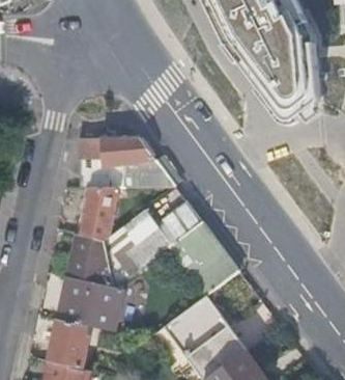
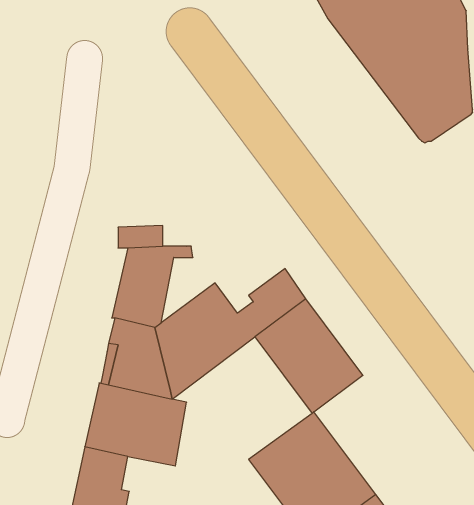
building: [81,135,178,186] -> none

